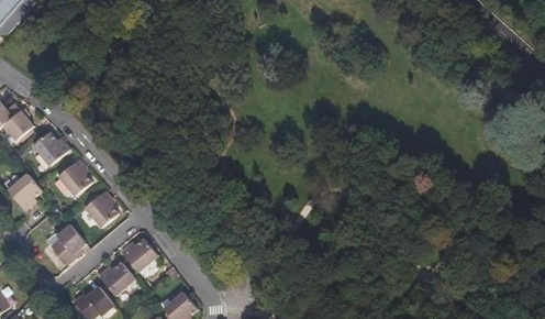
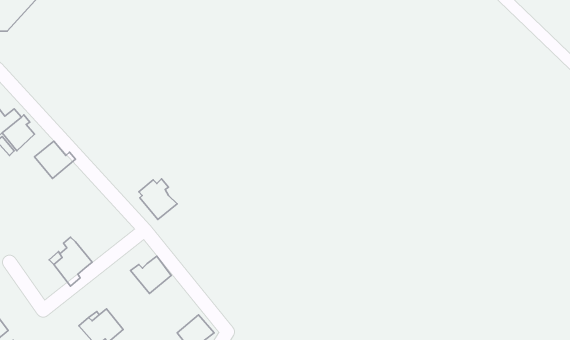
building: [58,160,92,197] -> none
building: [7,173,42,210] -> none
building: [84,190,119,228] -> [139,179,177,220]
building: [99,262,135,296] -> none

